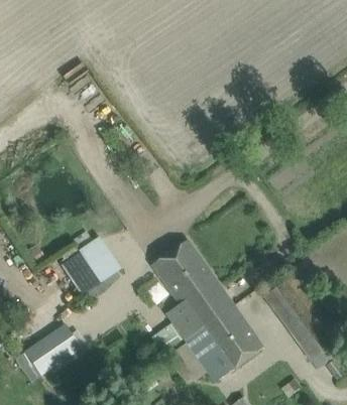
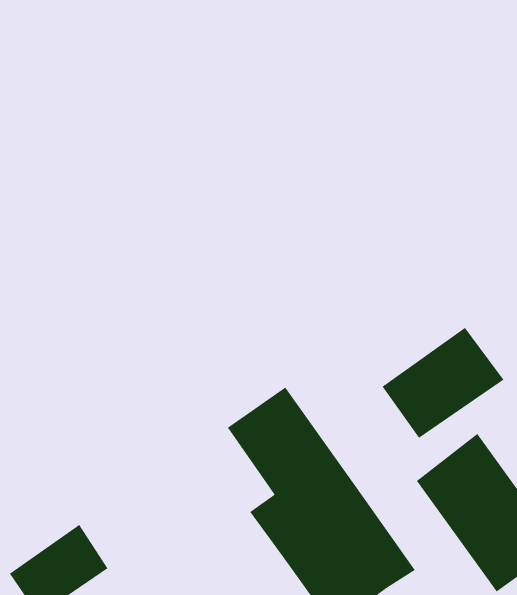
building: none -> [382,327,505,439]
building: [64,238,121,292] -> none

